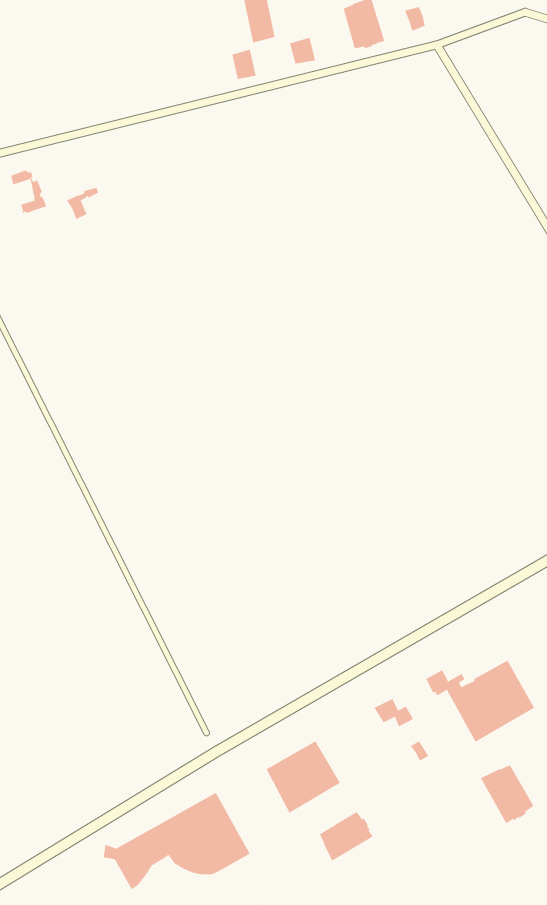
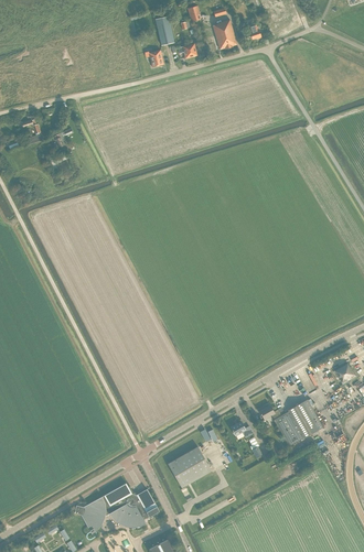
building: [480,764,534,824] -> none
building: [319,811,374,861] -> none

